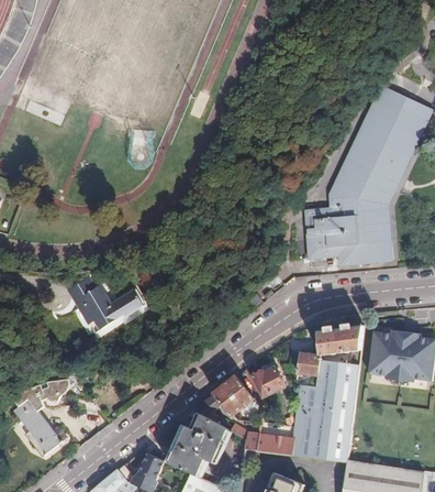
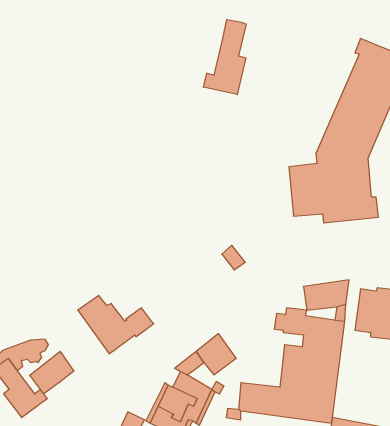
building: none -> [203,19,246,95]
building: [66,276,141,334] -> [78,296,154,354]
building: [250,362,282,397] -> none
building: none -> [30,351,74,394]

